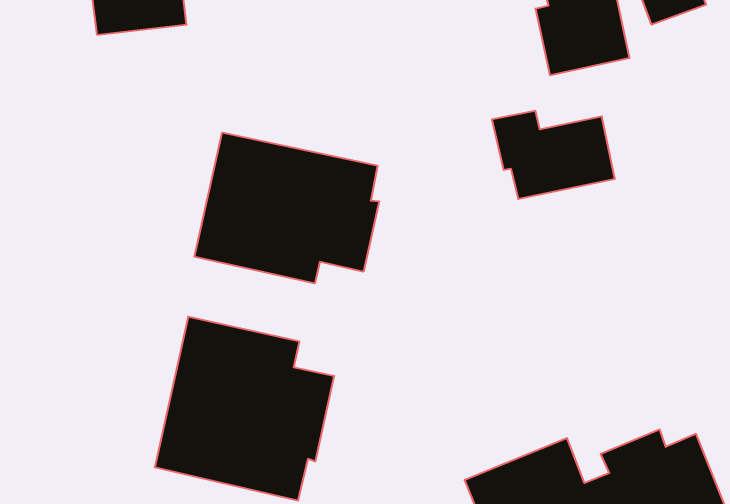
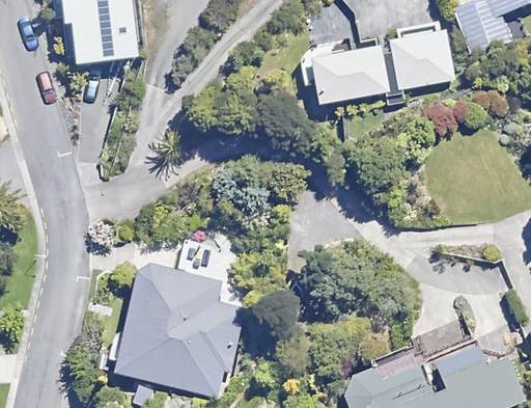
building: [492,111,615,199] -> [301,44,389,107]
building: [195,133,379,283] -> none

